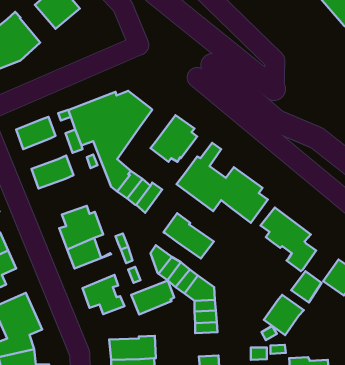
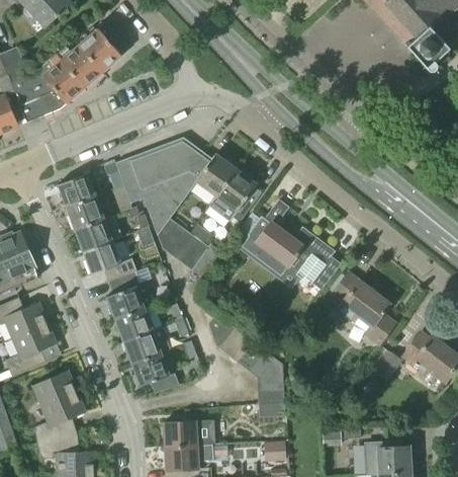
building: none -> [61,44,101,86]
building: none -> [196,153,236,195]
building: none -> [65,190,107,229]
building: none -> [82,240,136,281]
building: [164,213,214,258] -> none
building: [131,281,174,315] -> [122,325,171,364]
building: [264,295,304,335] -> none

